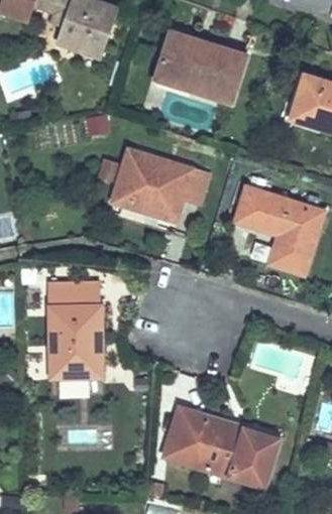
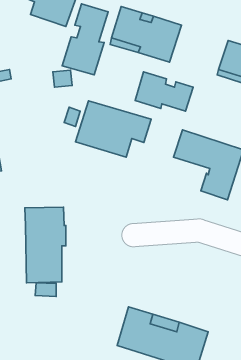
building: none -> [62,4,108,75]
building: none -> [135,72,193,111]

